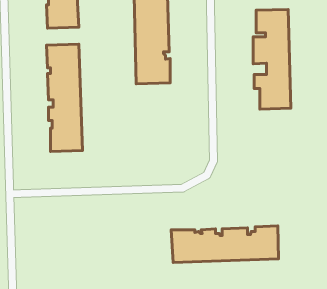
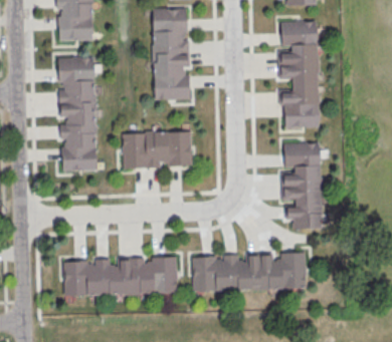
building: none -> [123,130,193,168]
building: none -> [281,142,322,229]
building: none -> [63,256,177,295]

